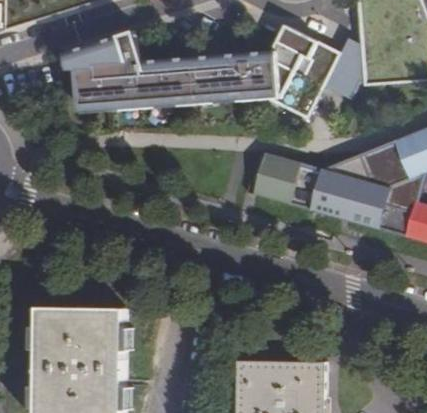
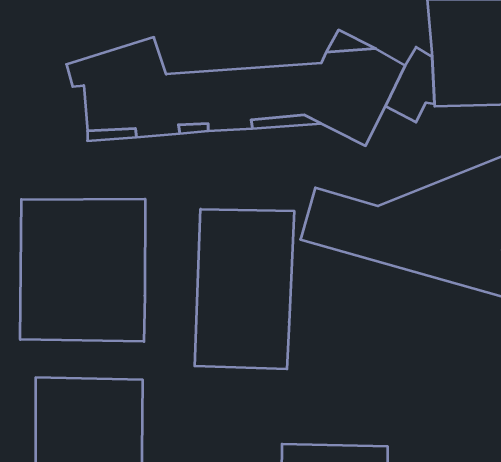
building: none -> [20,199,145,342]
building: none -> [195,209,294,369]

